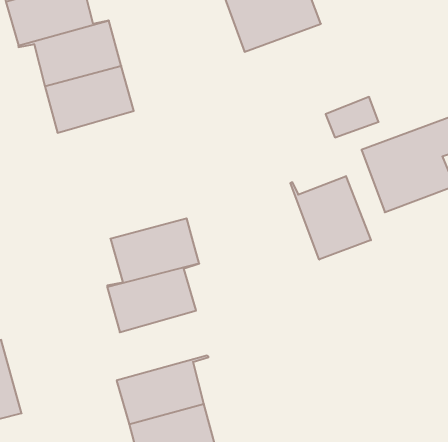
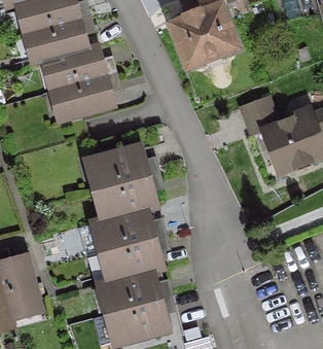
building: none -> [88,147,147,190]
building: [290,176,371,260] -> none
building: none -> [101,238,160,284]

